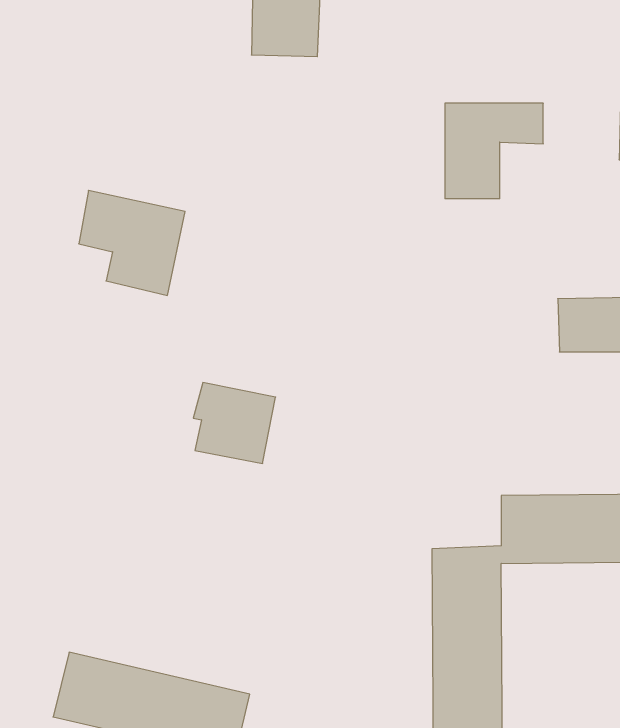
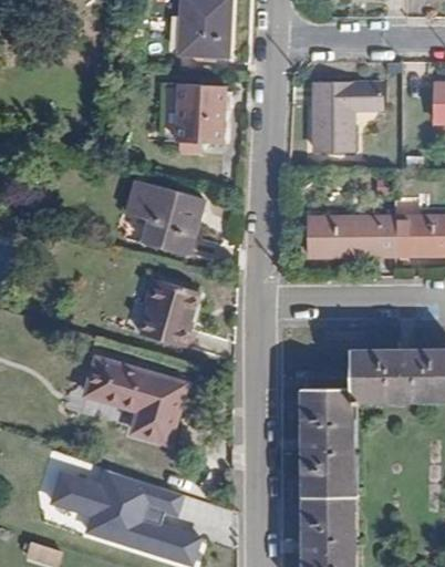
building: none -> [177,81,227,140]
building: [79,190,185,295] -> [131,181,204,252]
building: none -> [303,218,391,257]
building: none -> [90,357,183,436]

